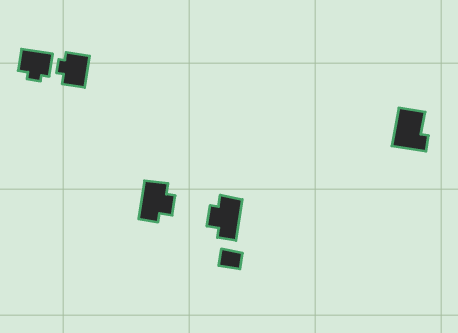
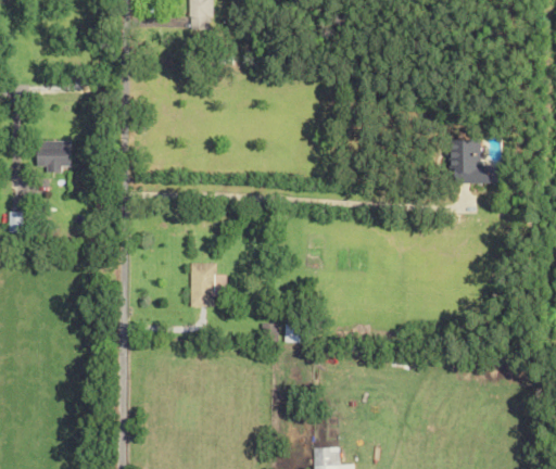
building: [57,52,90,88] -> none
building: [207,195,242,241] -> none

